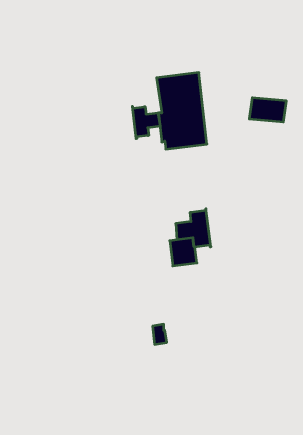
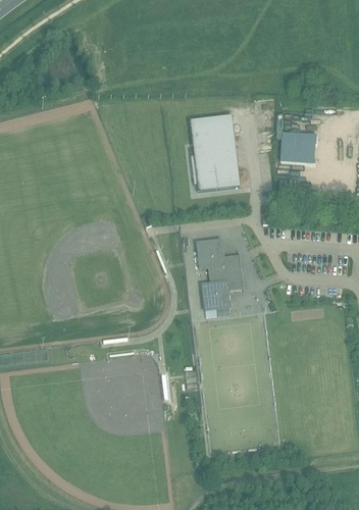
building: [132,106,160,139] -> none
building: none -> [196,239,222,267]

